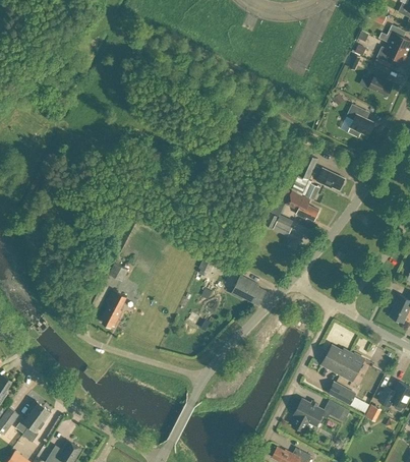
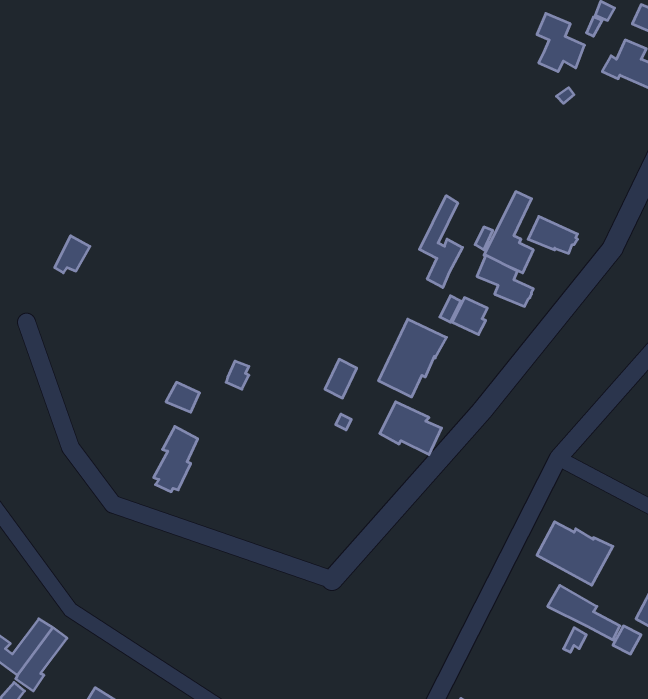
building: [347,104,374,137] -> [537,13,585,72]
building: none -> [419,196,463,288]
building: none -> [379,319,447,397]
building: [293,400,324,429] -> none

